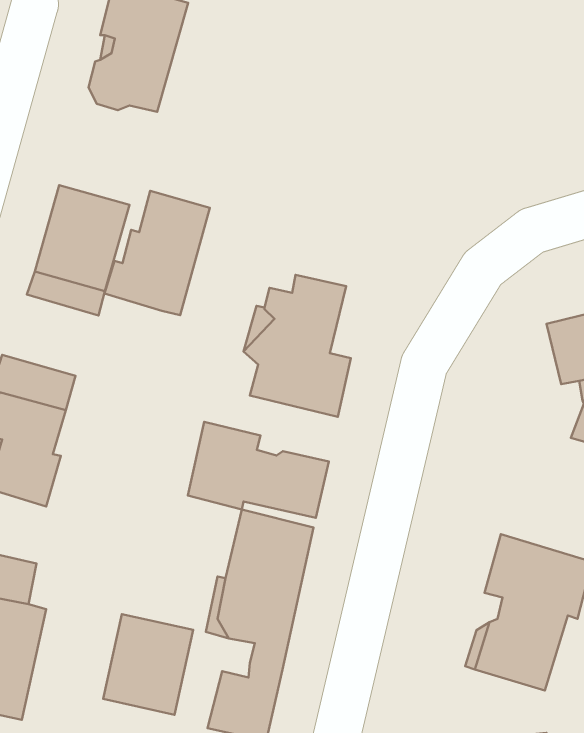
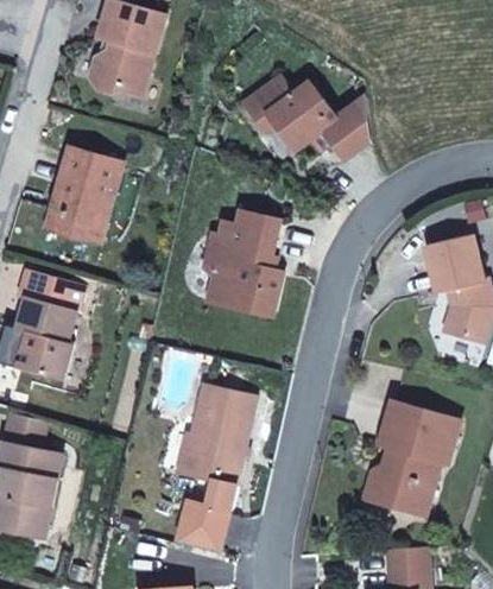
building: none -> [246,77,369,162]
building: [104,191,210,315] -> none
building: [188,422,329,518] -> none
building: [103,614,193,715] -> none

